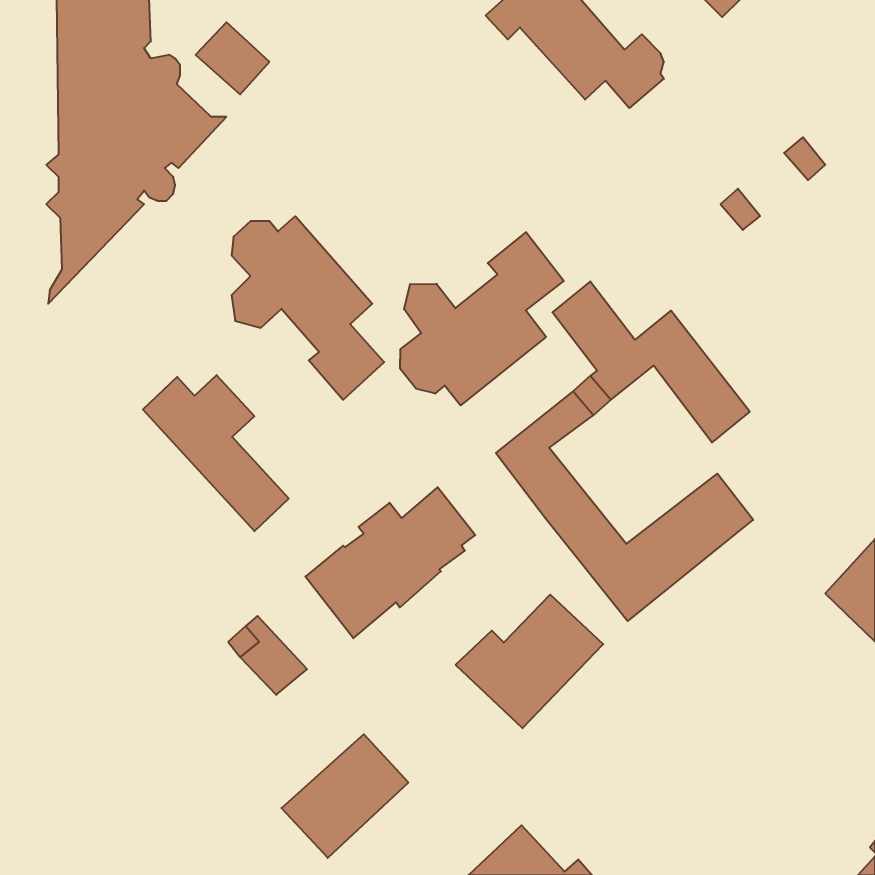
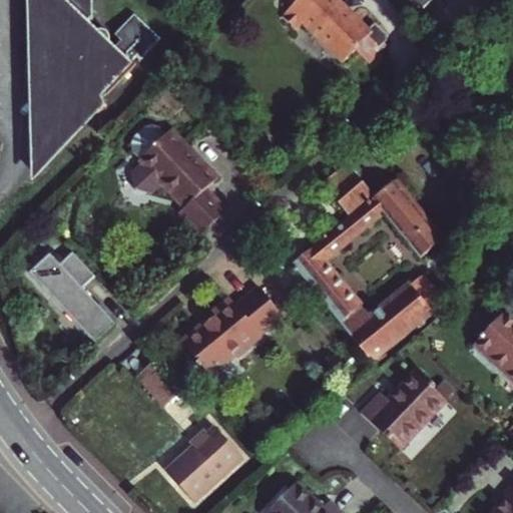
building: [400,232,564,405] -> none
building: [143,375,289,531] -> [31,248,116,340]
building: [456,595,603,728] -> [367,372,453,450]

